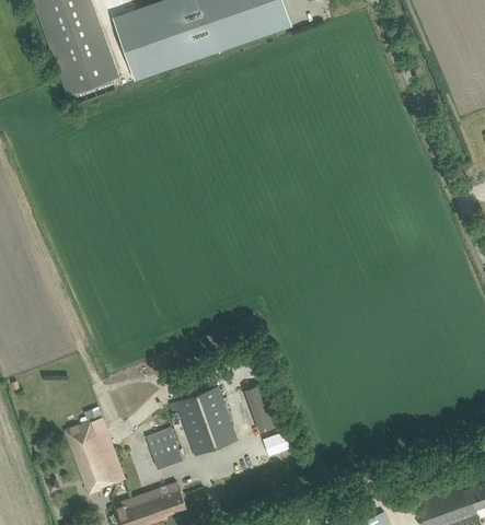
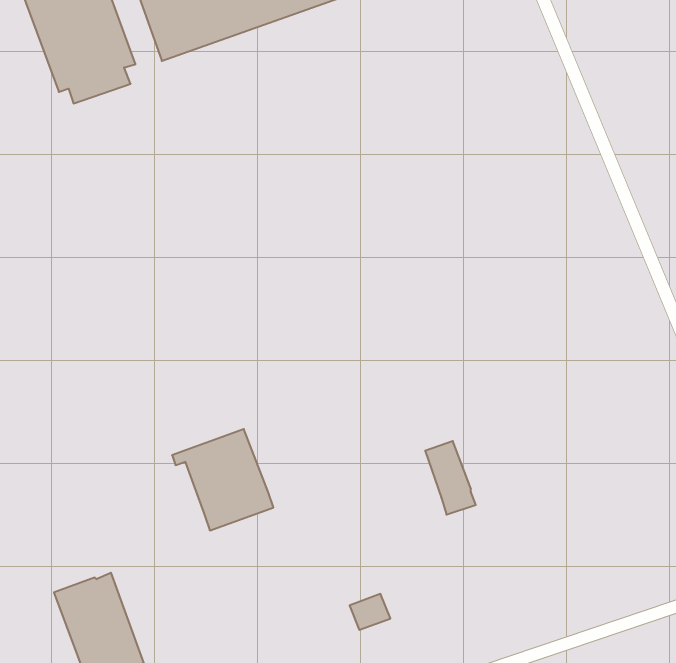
building: [245,383,279,432] -> [425,441,476,515]
building: [170,387,238,455] -> [172,429,273,530]
building: [146,428,183,468] -> none

